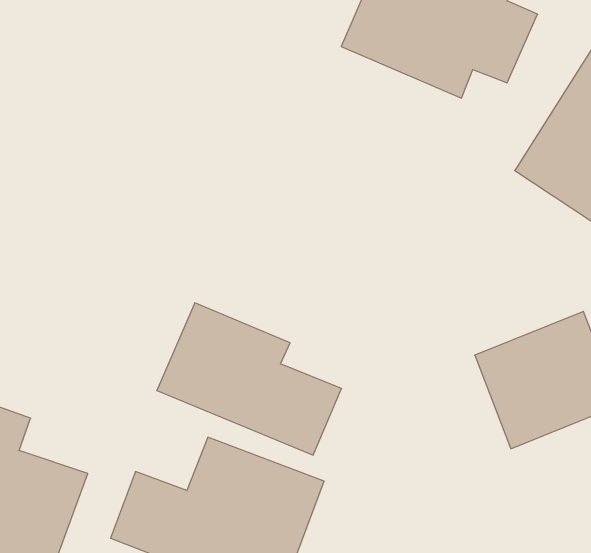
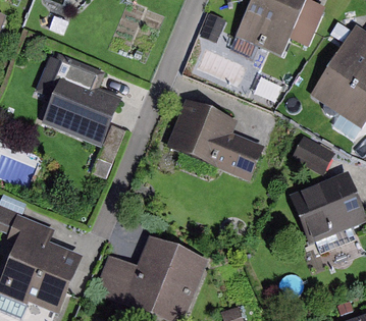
building: none -> [41,56,120,147]
building: none -> [296,132,338,168]
building: [157,303,342,455] -> [166,98,265,179]

